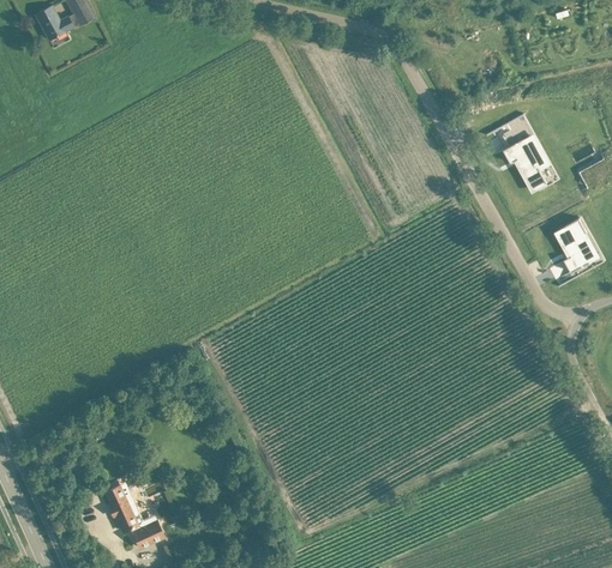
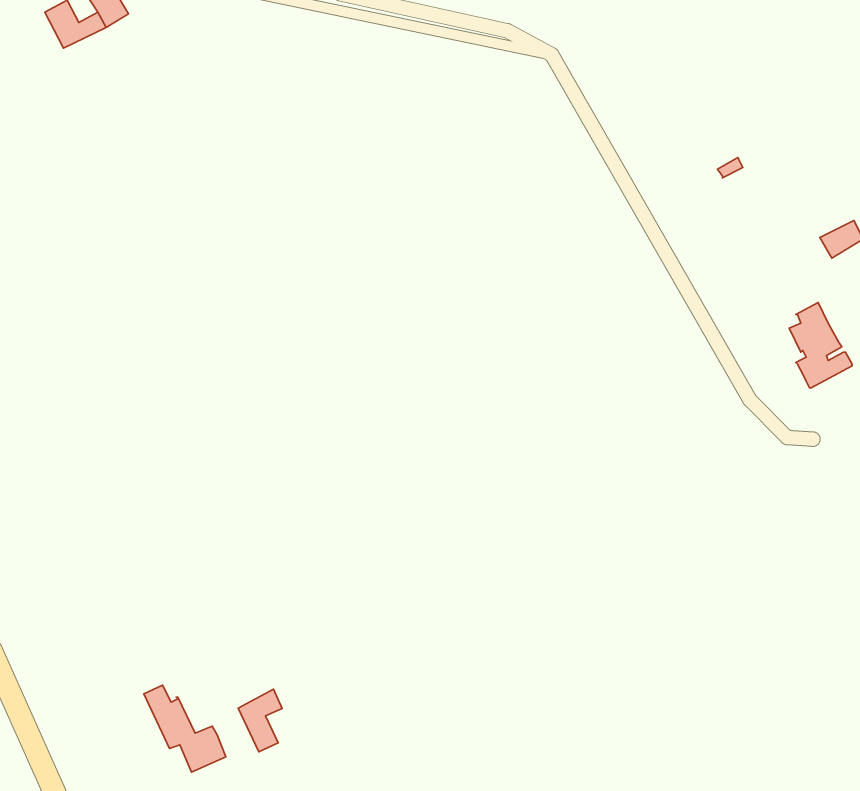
building: [502,131,553,188] -> none
building: none -> [238,689,282,752]

